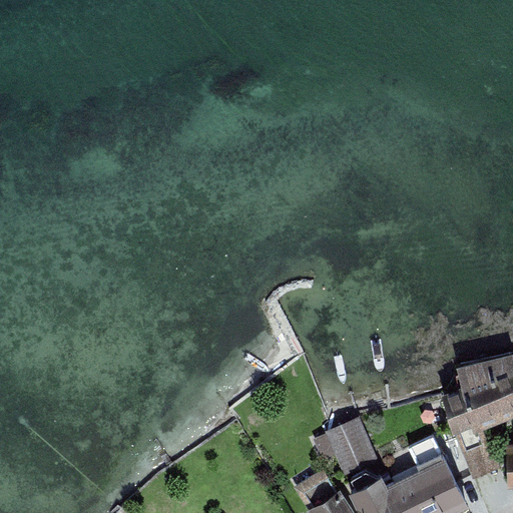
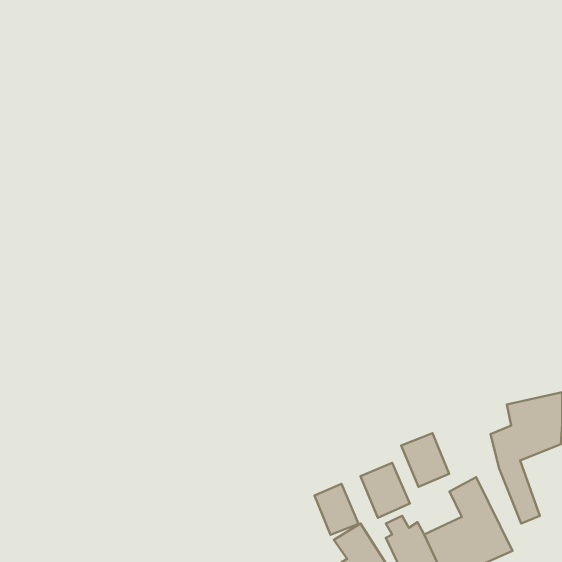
building: none -> [401,433,449,487]
building: none -> [314,484,358,535]

